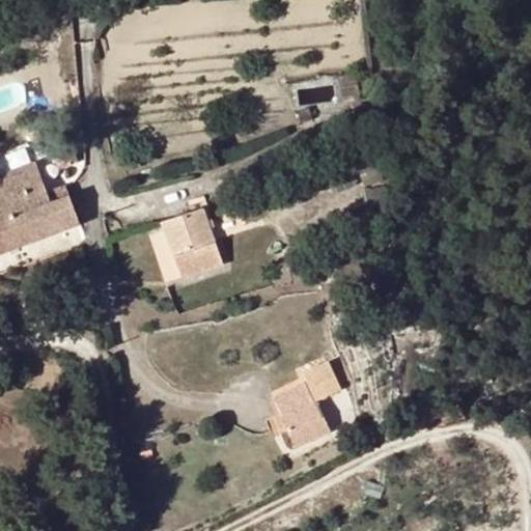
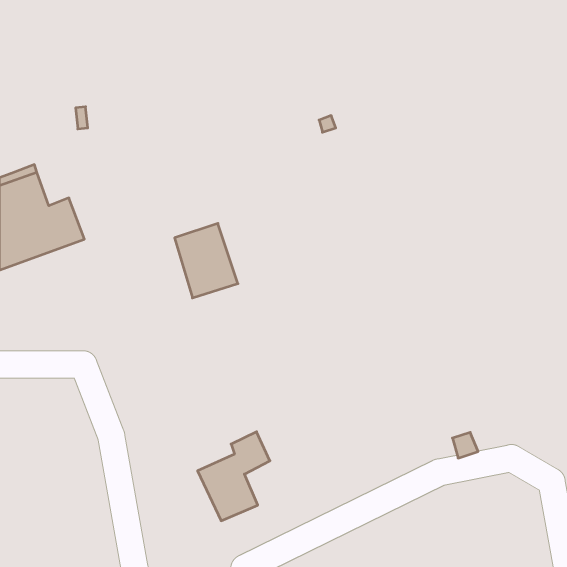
building: [273,363,340,446] -> [198,432,270,521]

